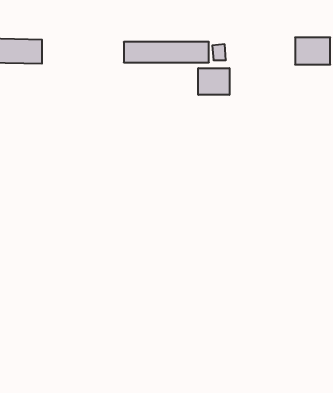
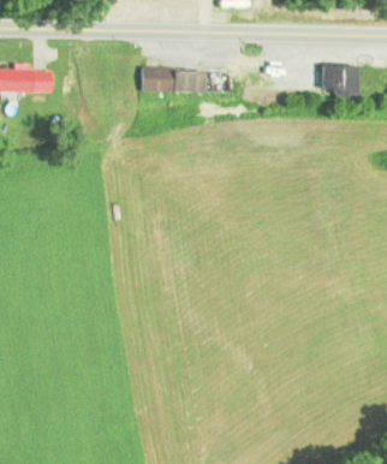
building: [198,68,229,95] -> none

